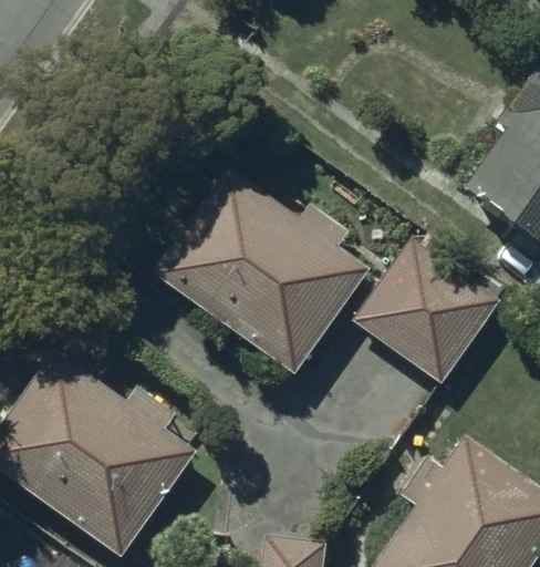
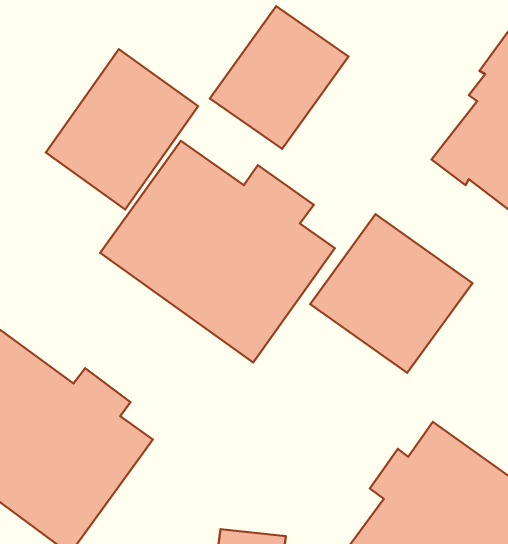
building: none -> [210,6,348,149]
building: none -> [46,49,198,210]

